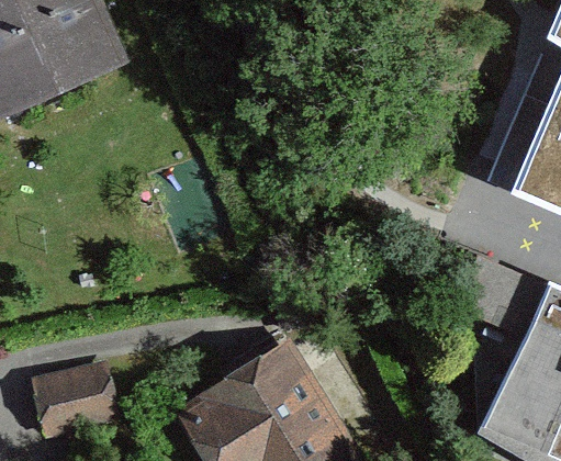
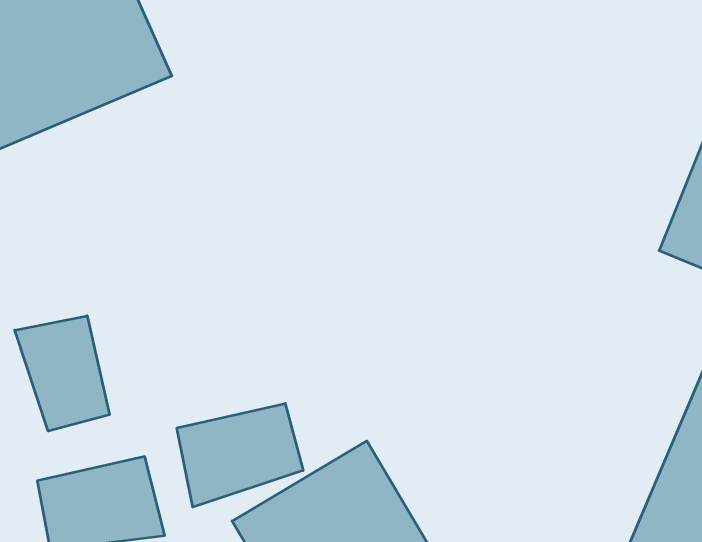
building: none -> [15,316,109,431]
building: none -> [177,403,303,507]

